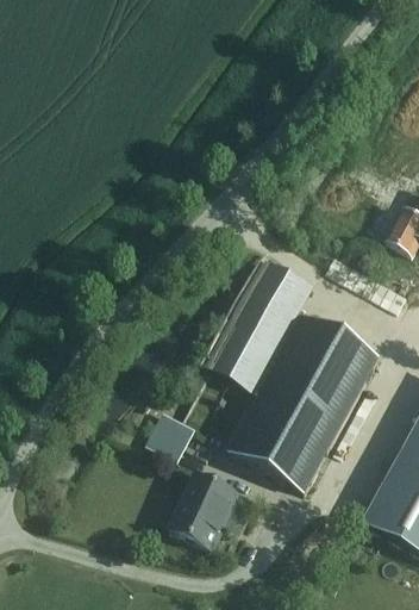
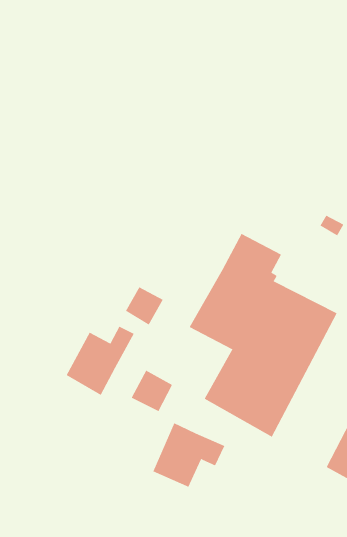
building: none -> [125,287,163,325]
building: none -> [66,326,134,396]

